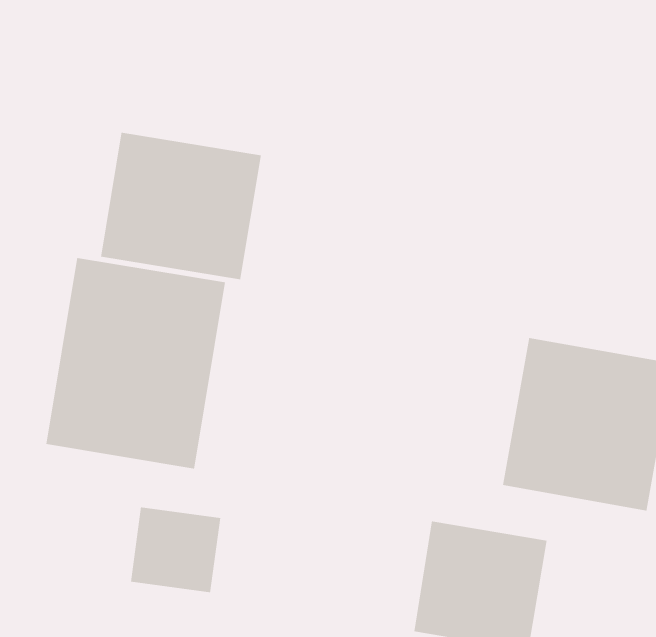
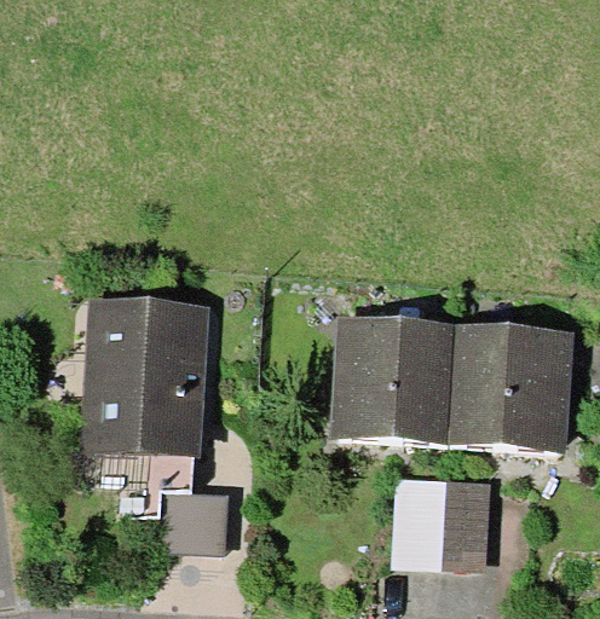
building: [100,132,261,280] -> none
building: none -> [330,316,455,442]

